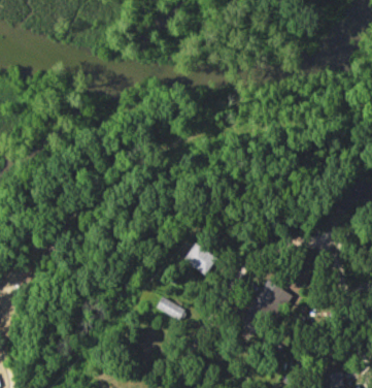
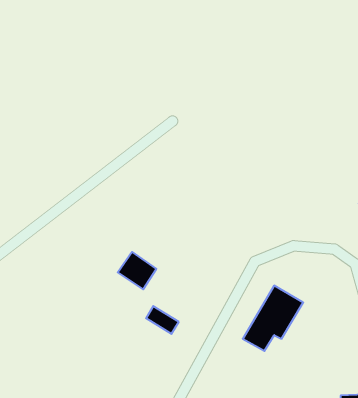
building: [185,245,218,277] -> [118,252,156,289]

